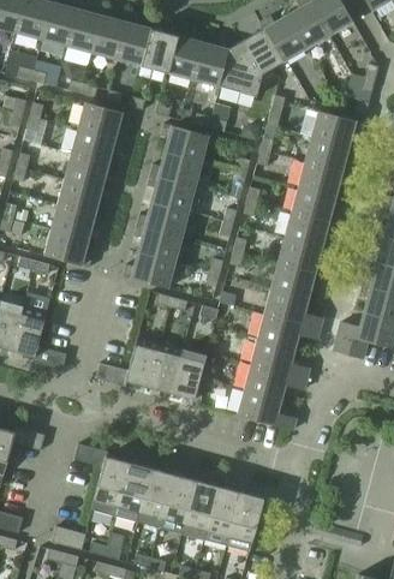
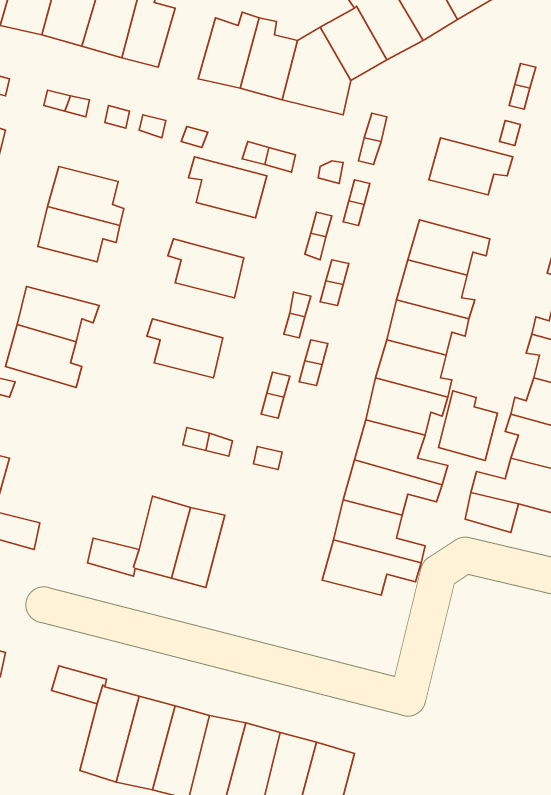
building: [141,29,177,73] -> none
building: [78,102,130,138] -> none
building: [305,137,353,174] -> none
building: [150,151,202,186] -> none
building: [58,179,106,216] -> none
building: [137,202,189,237] -> none
building: [123,252,175,288] -> none
building: none -> [438,391,498,460]
building: [171,348,207,400] -> none
building: [237,389,295,430] -> none

